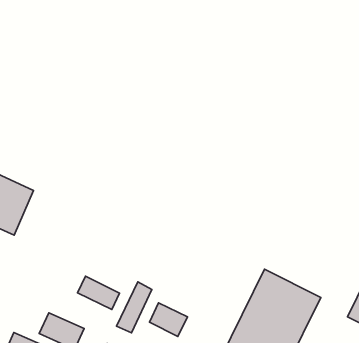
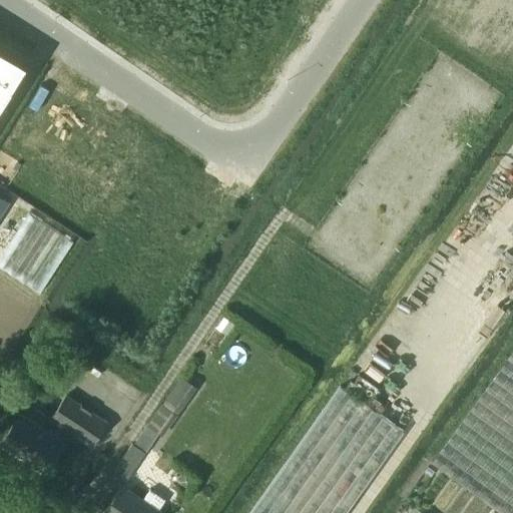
building: [77,276,120,310] -> none
building: [149,303,187,337] -> none

